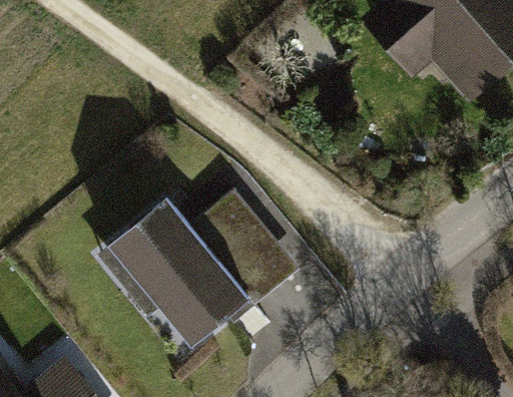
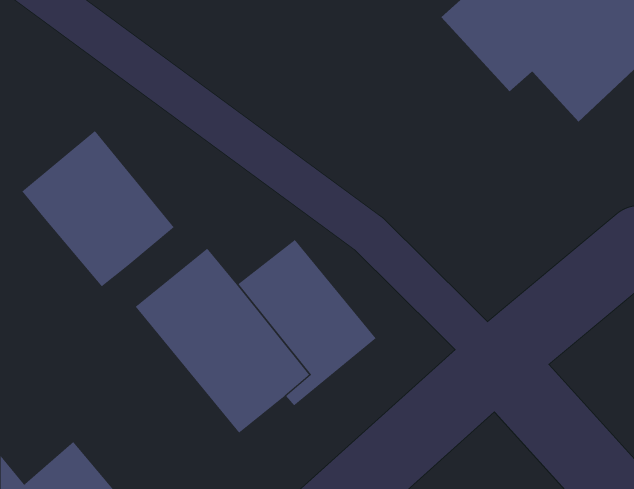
building: none -> [21,130,175,287]

